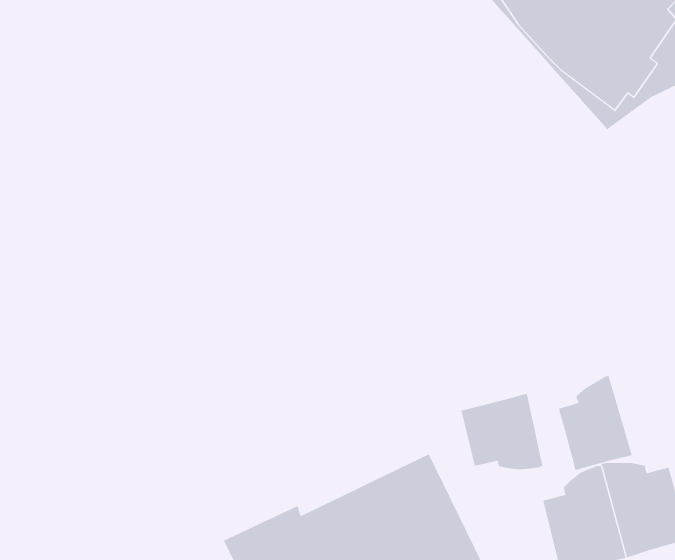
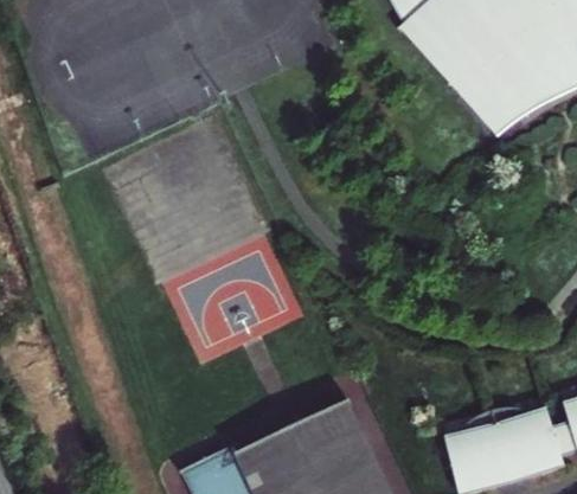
building: [558,374,633,471] -> none
building: [461,393,543,470] -> none

